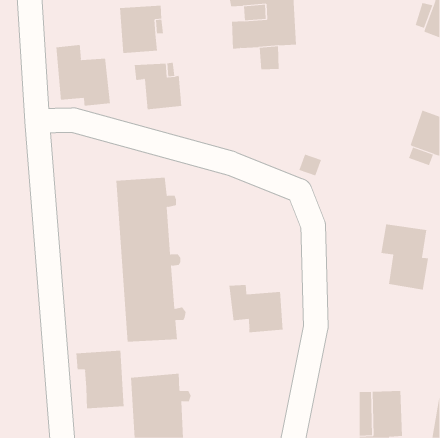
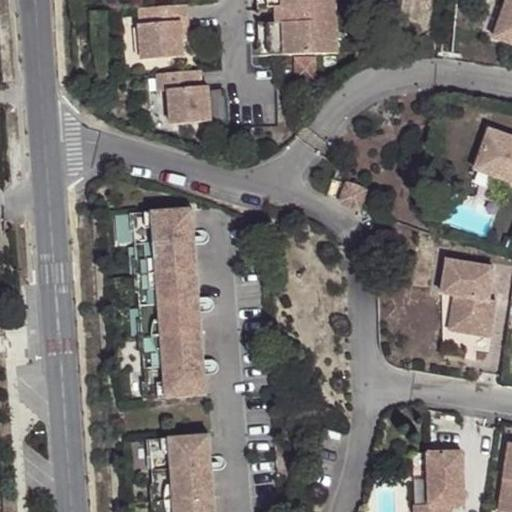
building: [56,44,110,106] -> none
building: [229,284,283,333] -> none
building: [76,350,124,409] -> none

